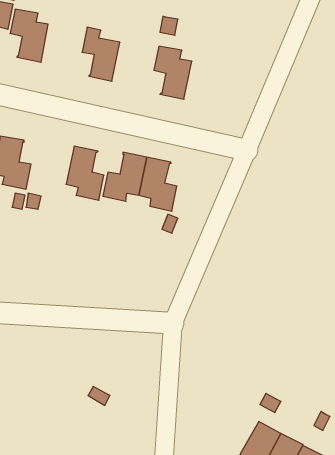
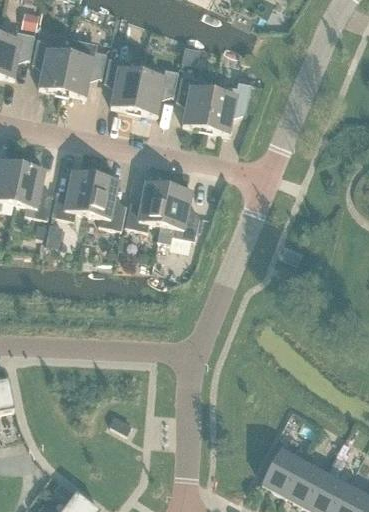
building: none -> [62,48,106,95]
building: none -> [133,67,178,113]
building: none -> [205,79,264,132]
building: none -> [51,169,95,218]

